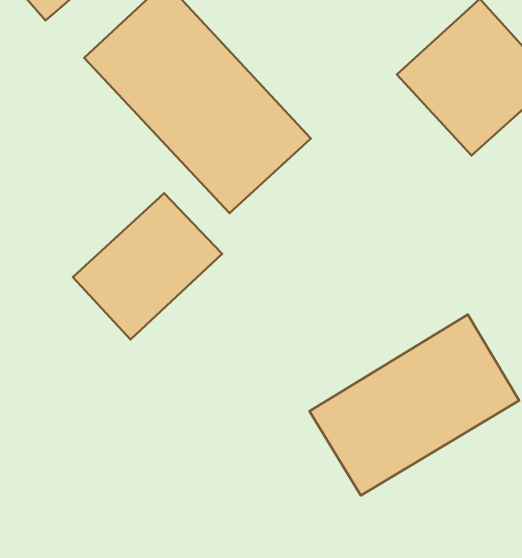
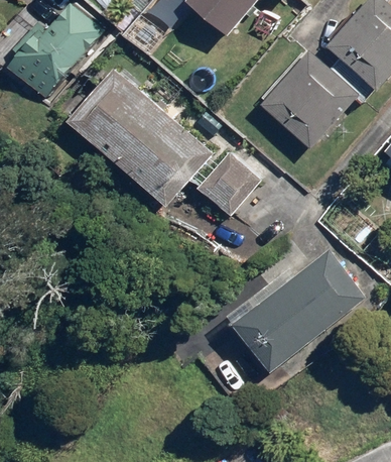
building: none -> [196,148,263,216]
building: [73,193,222,339] -> none

